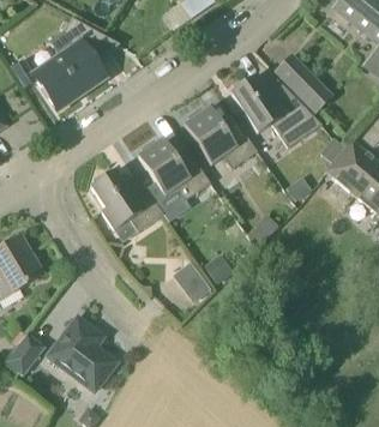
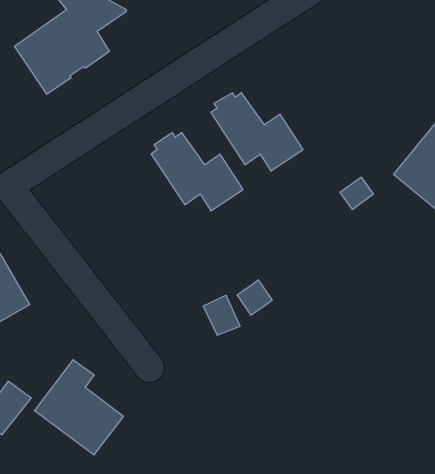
building: [276,55,318,98] -> none
building: [231,76,321,146] -> none
building: [91,170,163,231] -> none

